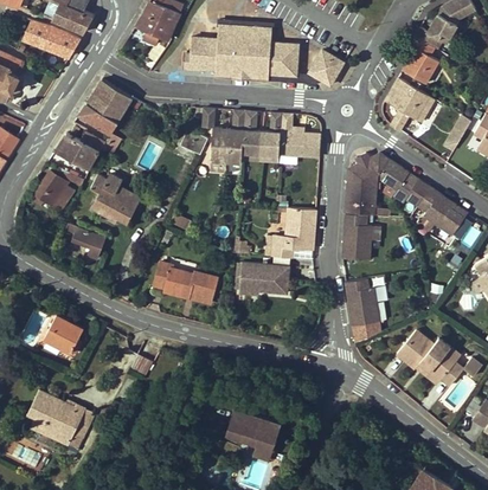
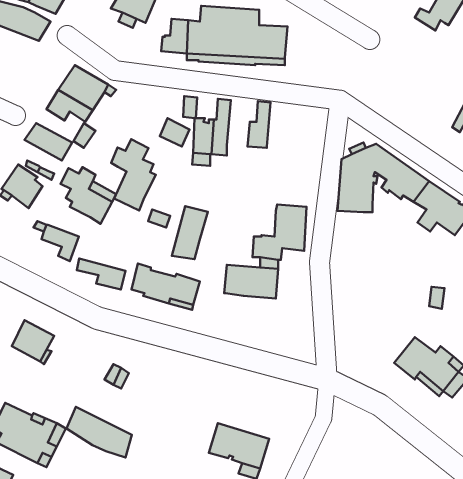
building: [402,37,438,84] -> none
building: [309,51,342,80] -> none
building: [384,78,434,131] -> none
building: [242,112,263,155] -> none
building: [278,115,321,157] -> none
building: none -> [111,139,156,210]
building: none -> [172,206,208,259]
building: [341,214,381,259] -> none
building: none -> [77,259,126,290]
building: [345,278,379,327] -> none
building: none -> [66,407,132,458]

